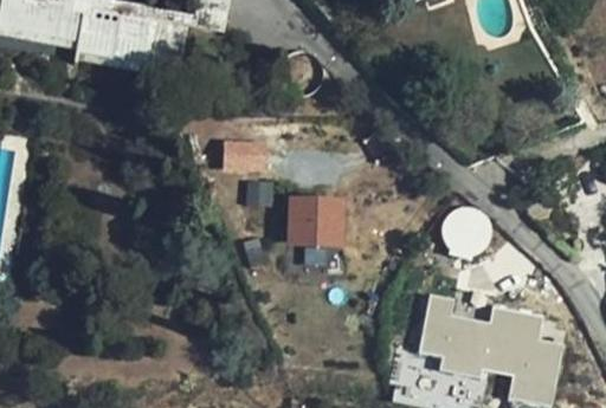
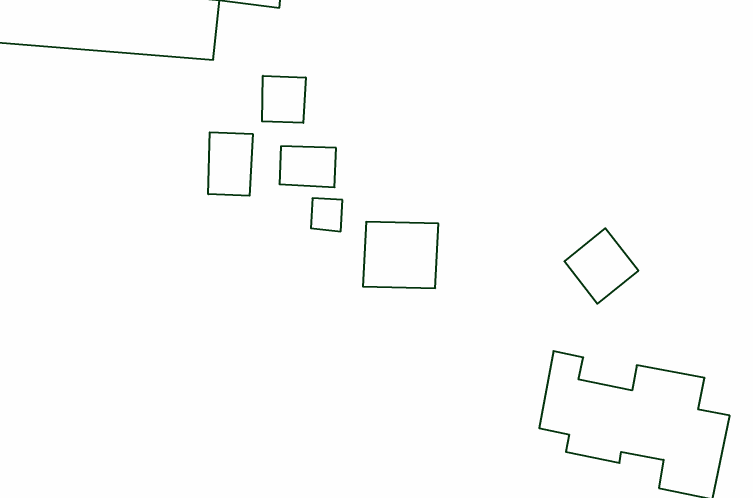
building: none -> [262,76,306,123]
building: none -> [208,132,253,196]

